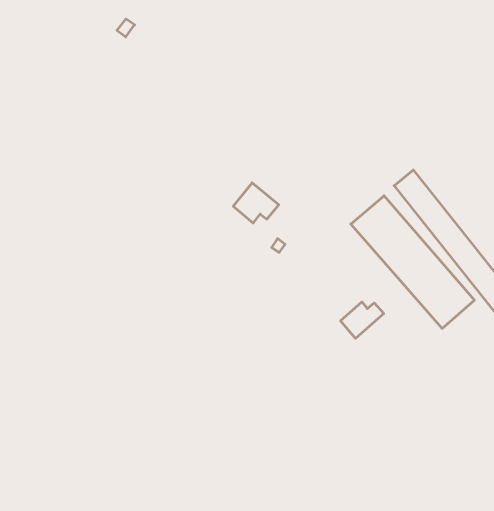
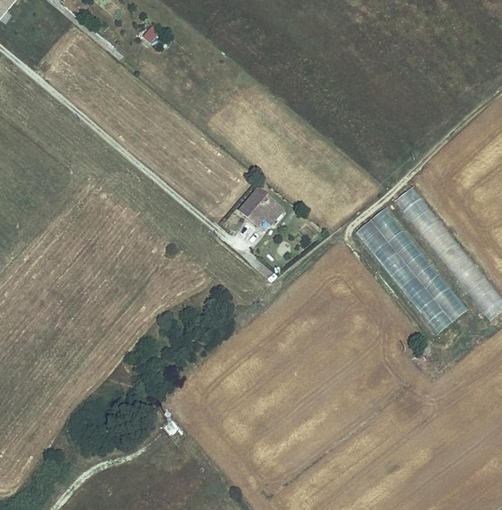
building: [341,302,384,338] -> none

